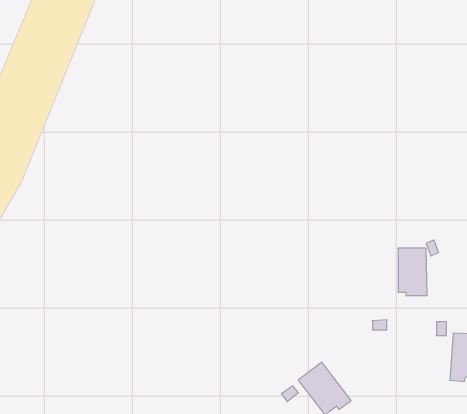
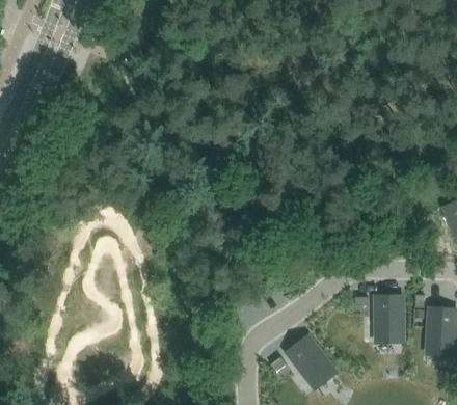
building: [398,248,427,295] -> [376,296,403,340]

